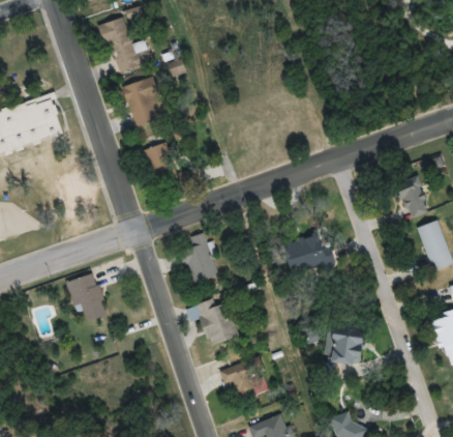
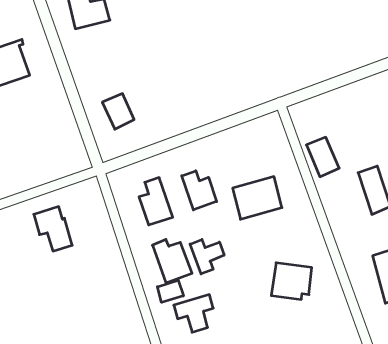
building: [122,78,163,129] -> none
building: [395,179,430,222] -> [306,137,339,177]
building: none -> [182,171,217,210]
building: none -> [190,239,224,274]
building: none -> [157,280,183,302]

